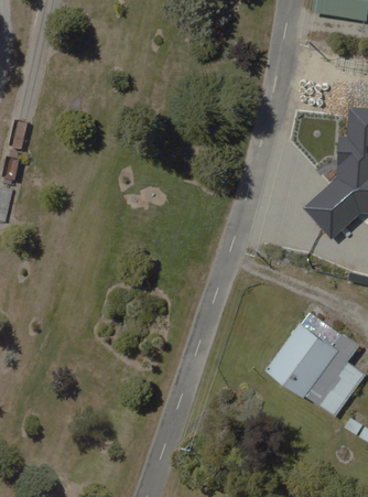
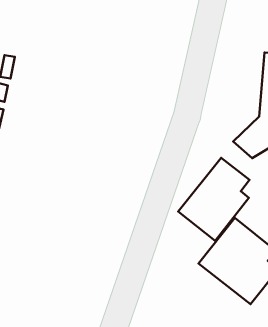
building: none -> [178,158,249,241]

